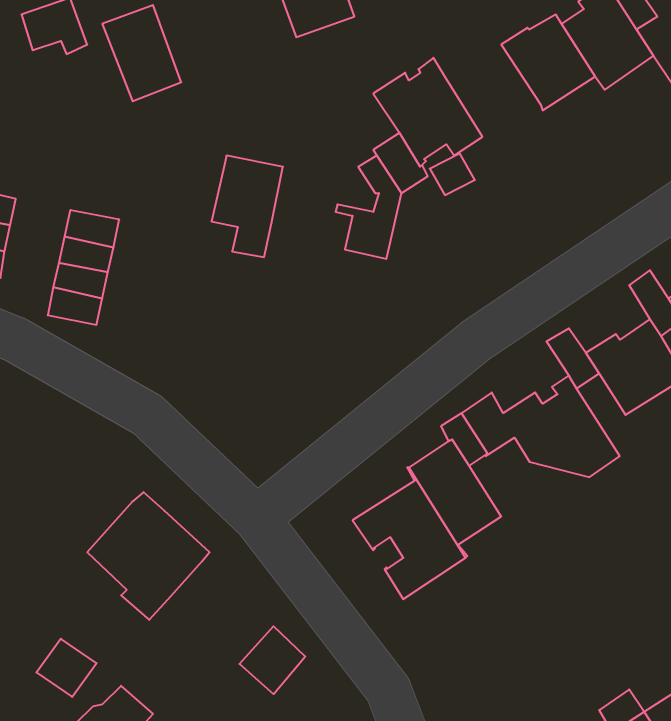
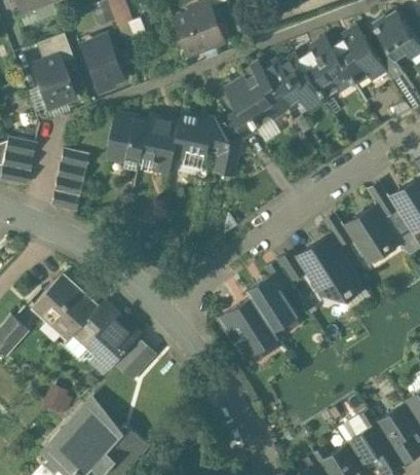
building: none -> [267,53,319,111]
building: none -> [31,57,74,108]
building: none -> [109,115,147,163]
building: none -> [173,117,231,163]
building: none -> [32,277,97,337]
building: [239,626,305,694] -> [116,341,152,378]

